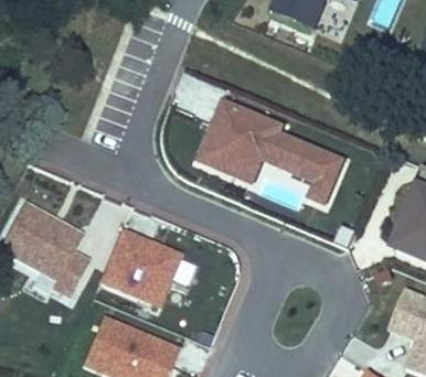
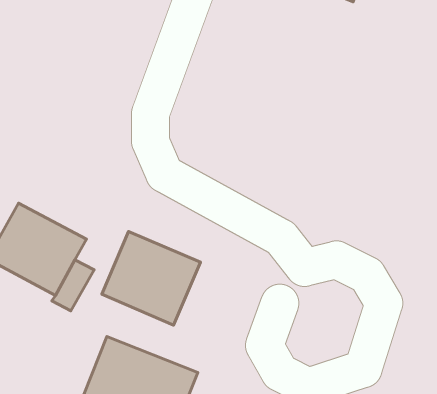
building: [195,97,345,206] -> none

